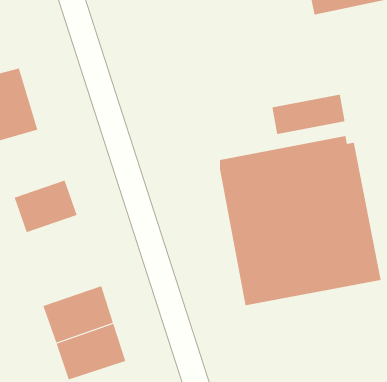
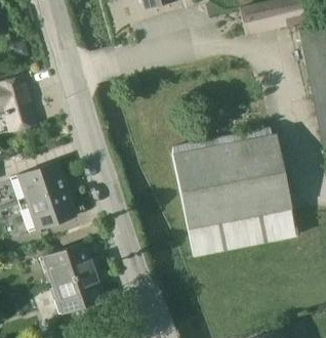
building: [272,94,345,135] -> none
building: none -> [28,187,76,228]

